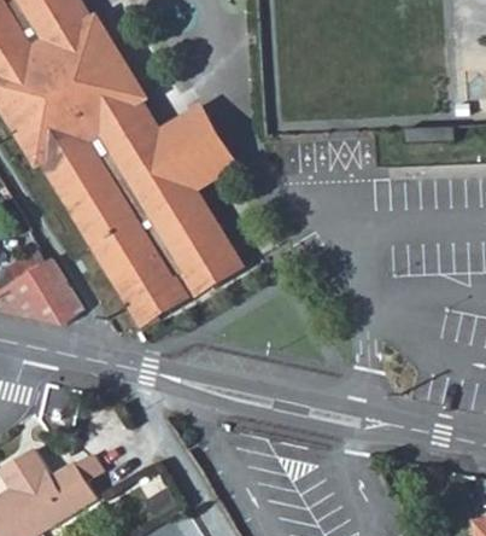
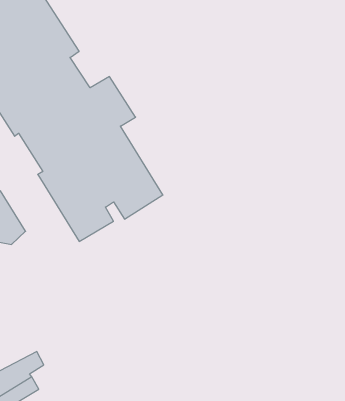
building: [178,110,234,174] -> none

